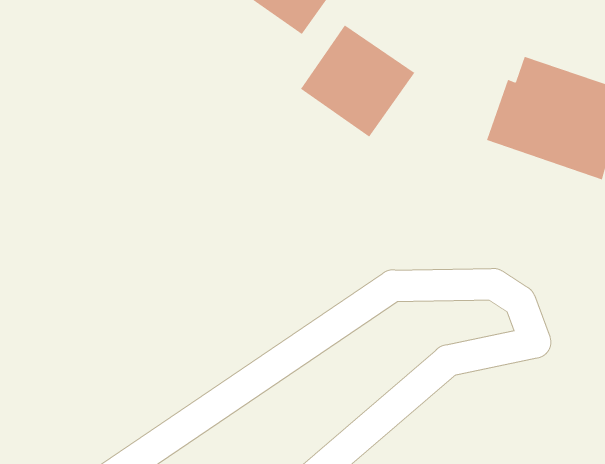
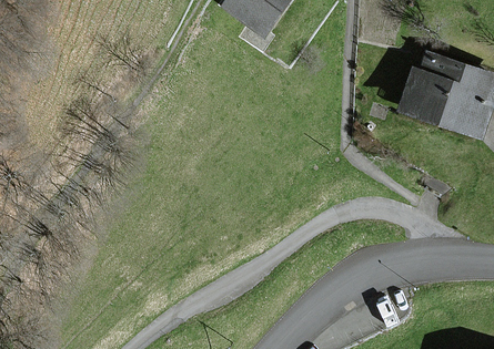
building: [300,24,415,138] -> none

